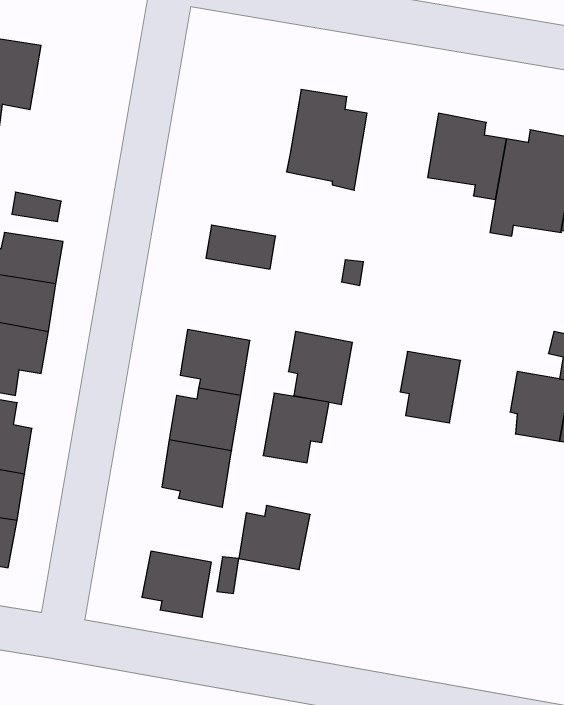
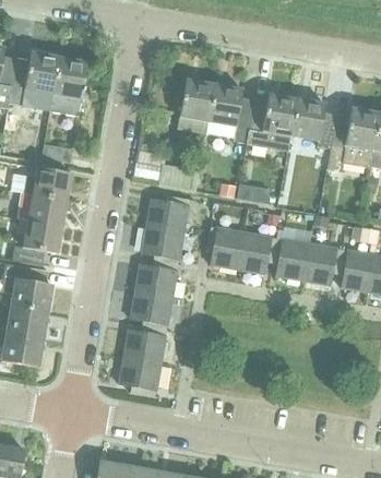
building: none -> [49,57,86,116]
building: none -> [175,77,213,132]
building: none -> [245,93,295,150]
building: none -> [145,195,189,232]
building: none -> [301,244,342,287]
building: [263,393,329,463] -> [237,234,276,275]
building: [239,505,310,570] -> [123,326,166,365]

